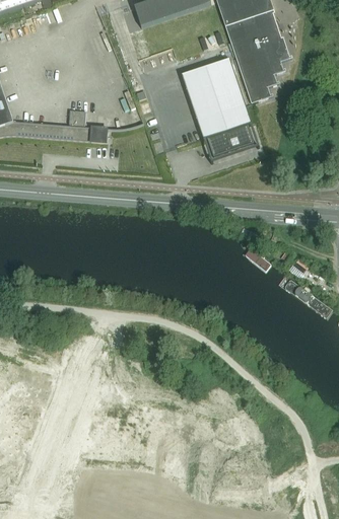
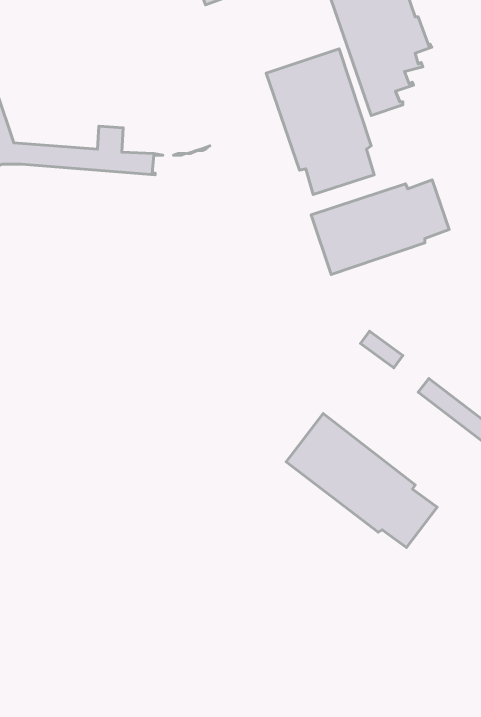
building: none -> [311,180,449,275]
building: none -> [286,413,437,548]

